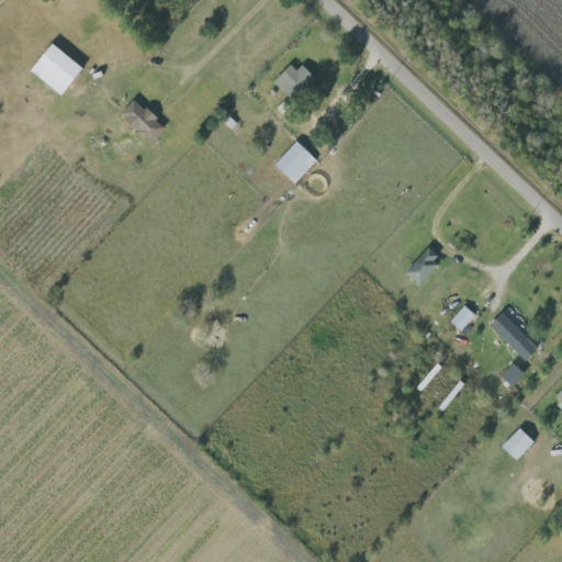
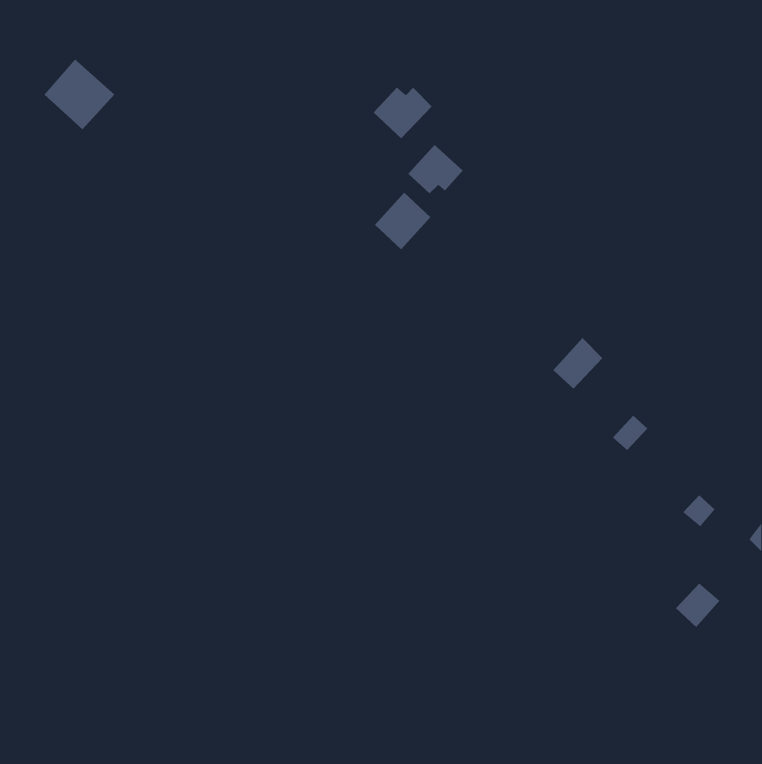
building: [121,98,166,142] -> none
building: none -> [408,144,463,194]
building: [490,311,539,361] -> none

